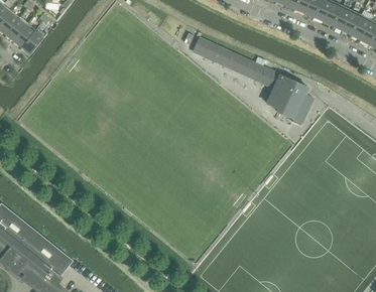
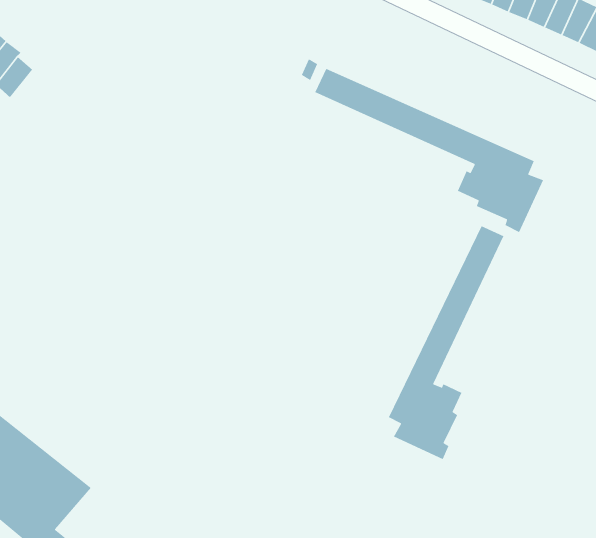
building: none -> [388,225,504,460]

